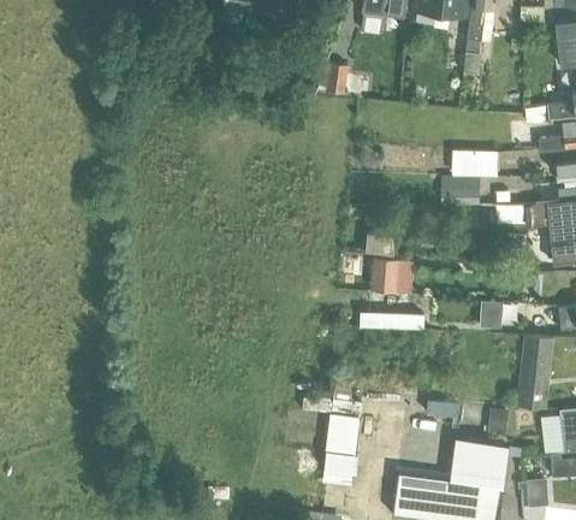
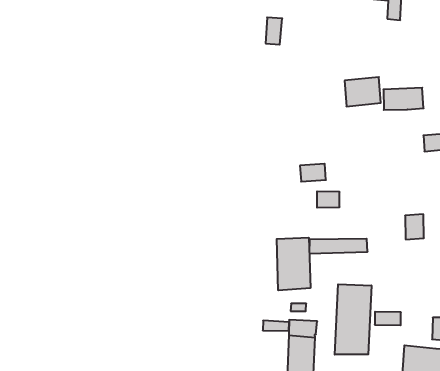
building: [441,176,480,206] -> [345,77,381,106]
building: none -> [277,238,310,290]
building: none -> [335,284,371,355]

